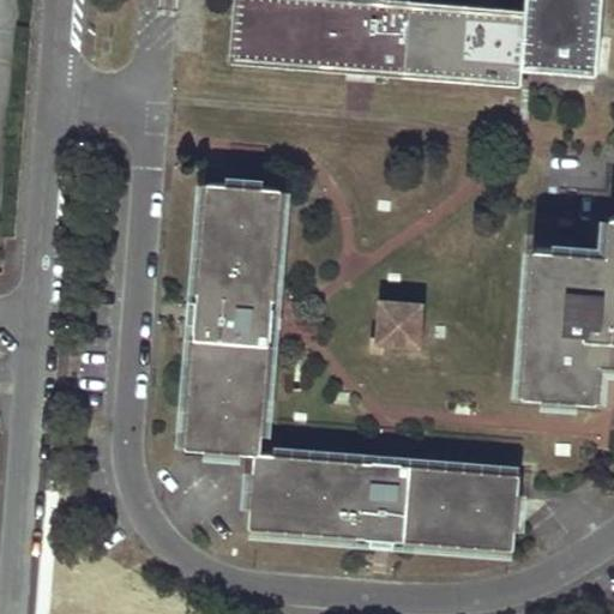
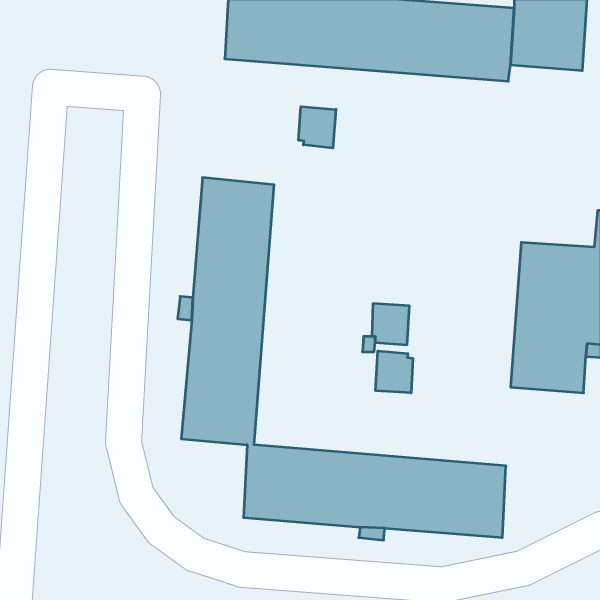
building: none -> [299,107,336,148]
building: none -> [376,351,413,393]

